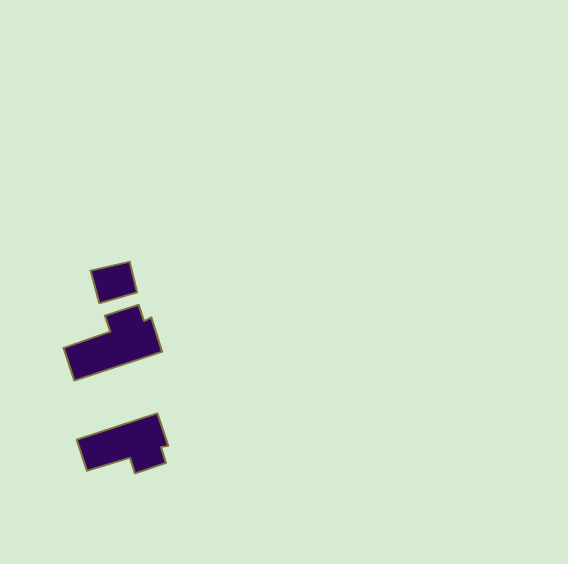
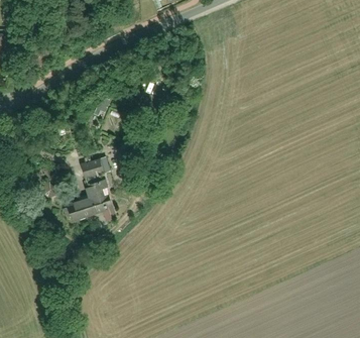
building: [77,413,168,473] -> none

